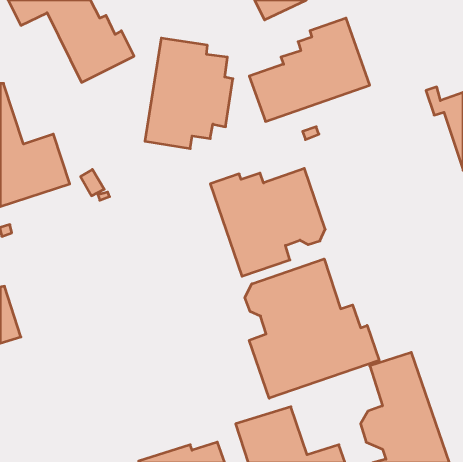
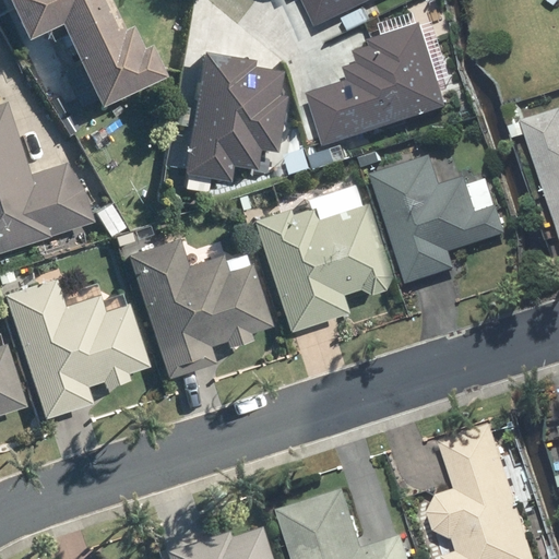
building: none -> [378,158,514,285]
building: none -> [129,240,273,379]
building: none -> [5,281,148,418]
building: [245,259,379,398] -> none

